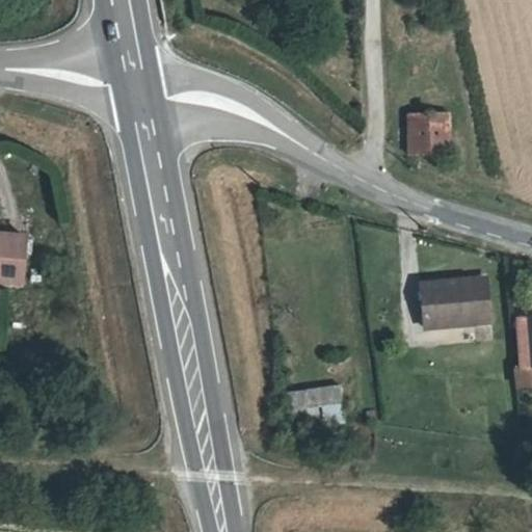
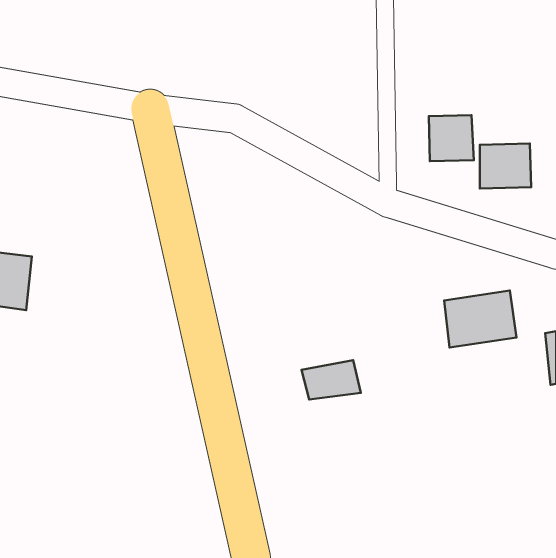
building: none -> [480,144,531,188]
building: [284,382,340,420] -> [302,360,361,400]

